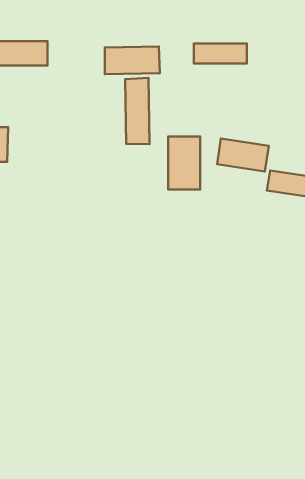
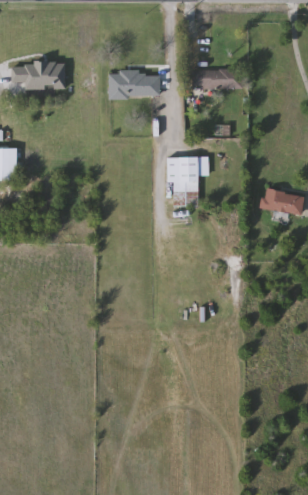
building: [125,78,150,144] -> none
building: [217,139,269,171] -> none

